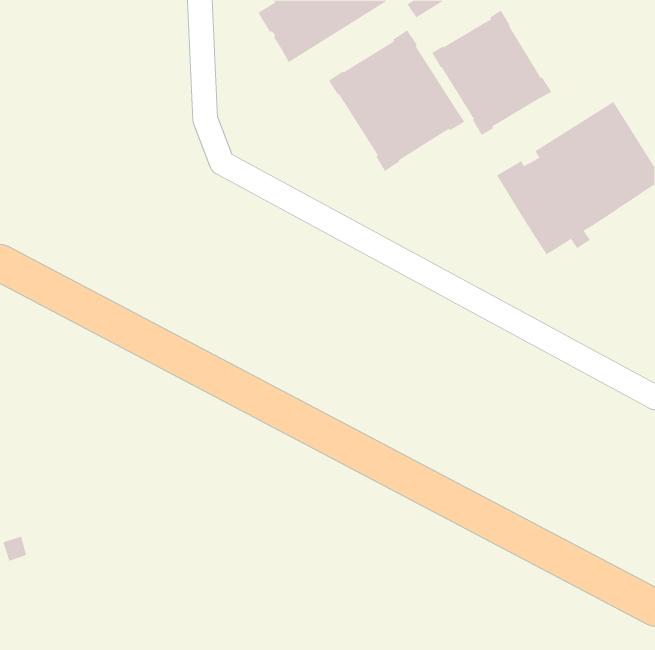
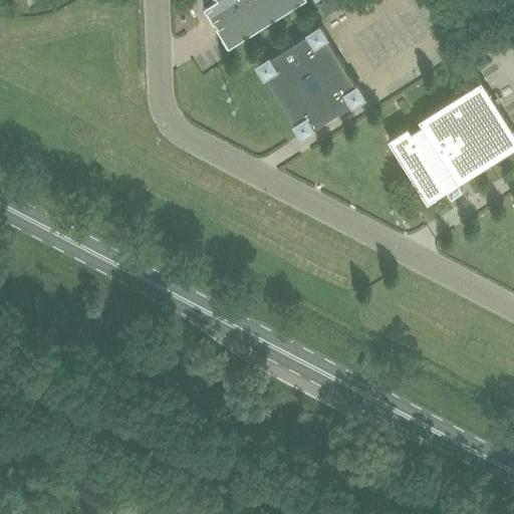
building: [432,10,552,135] -> none

